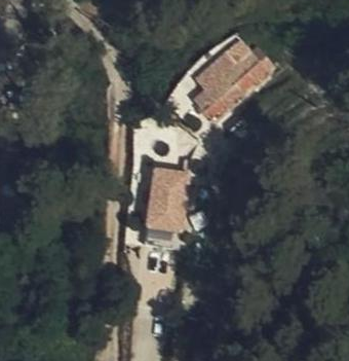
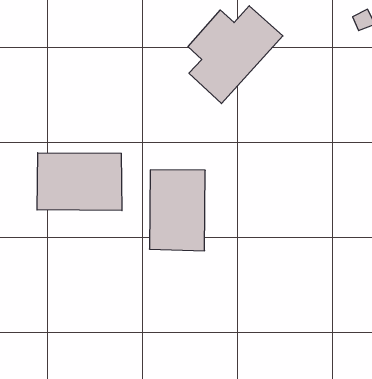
building: none -> [37,153,122,211]

